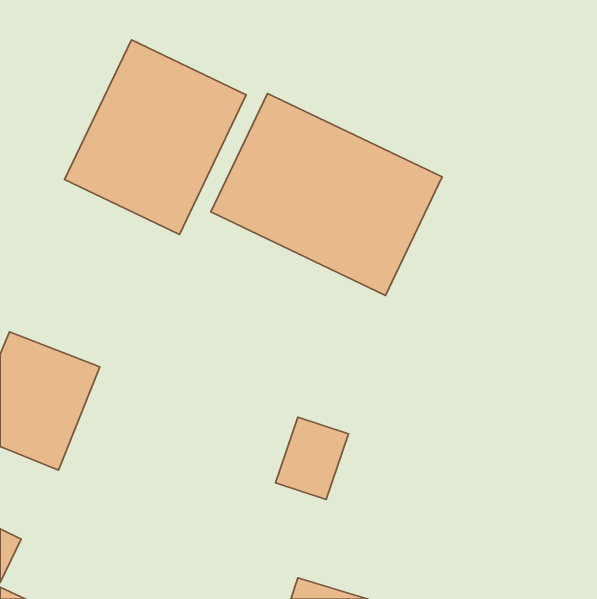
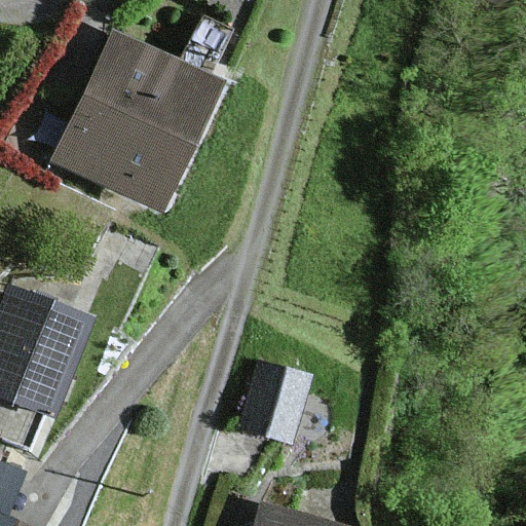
building: [211,93,442,296] -> none

